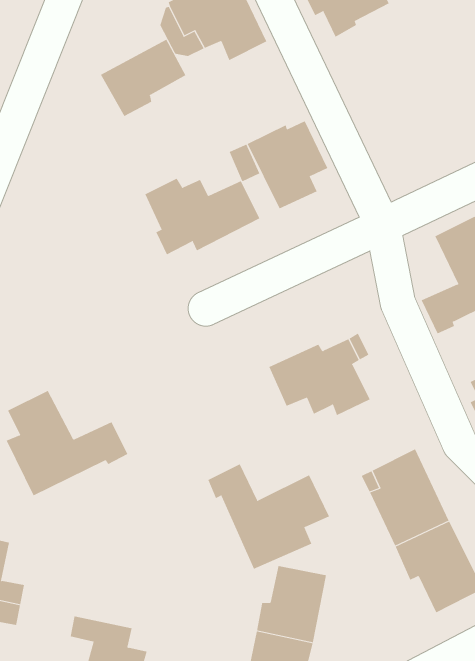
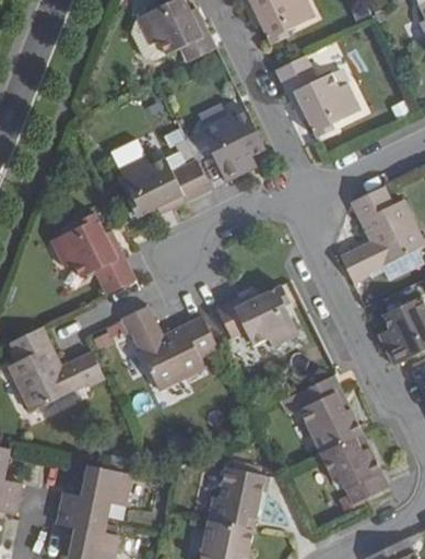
building: [100,39,186,117] -> none
building: none -> [275,55,362,138]
building: none -> [50,212,135,295]
building: [207,463,330,570] -> [121,306,220,391]
building: none -> [61,464,132,518]

